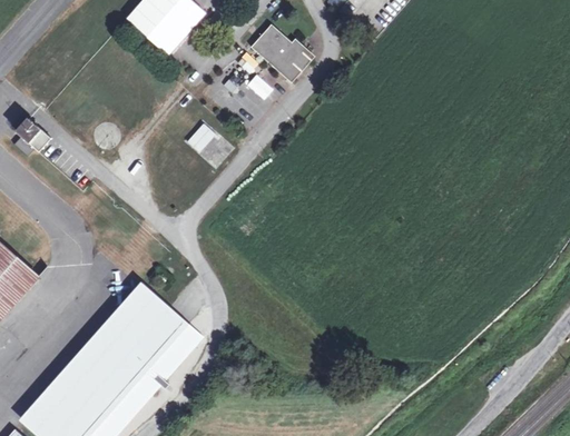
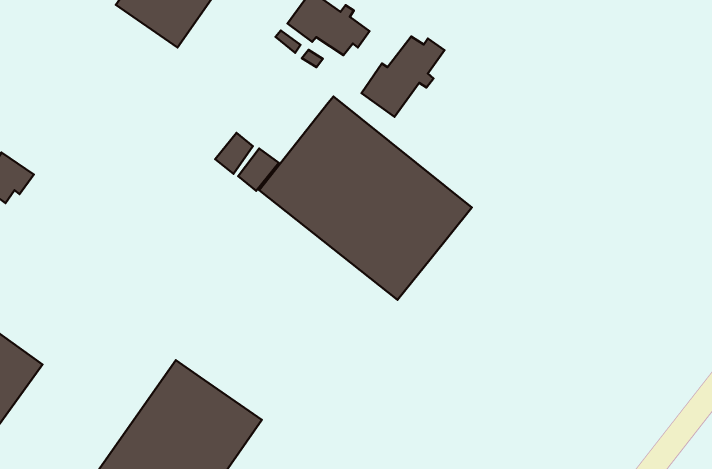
building: none -> [361,37,444,117]
building: none -> [259,97,472,300]

